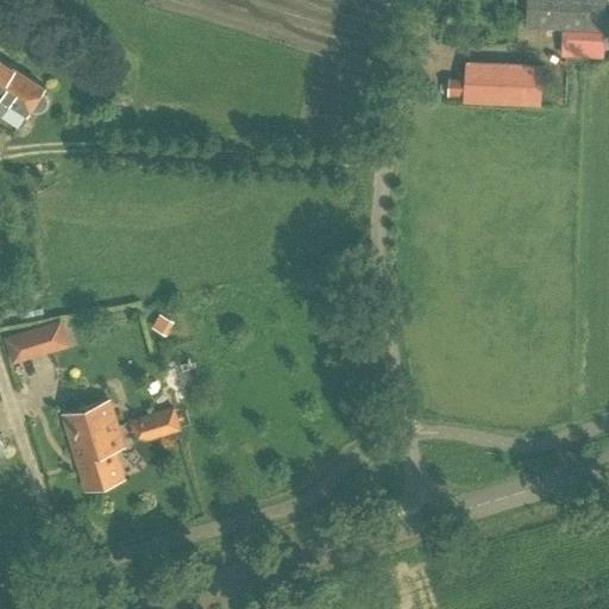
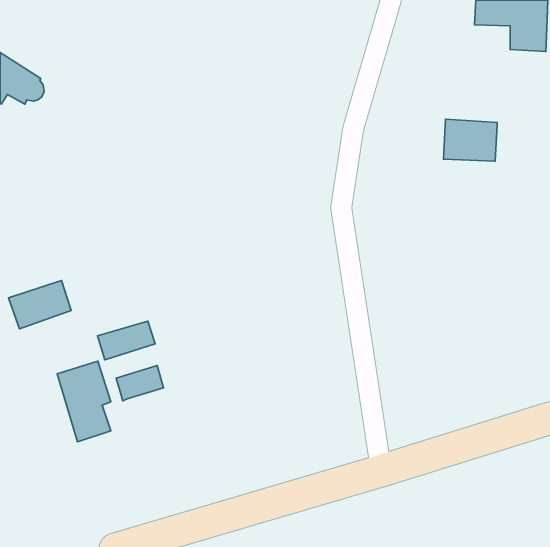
building: [464,61,523,107] -> [444,119,497,161]
building: none -> [98,321,155,360]

